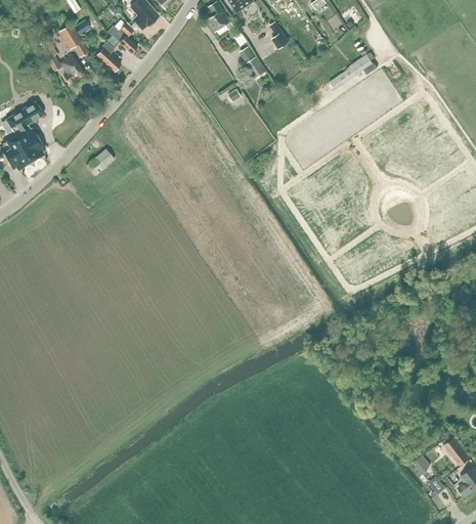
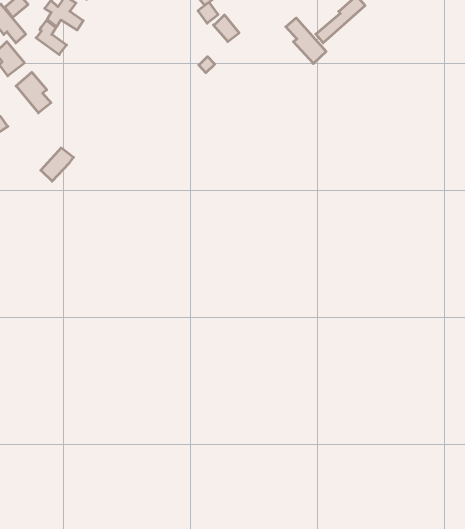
building: none -> [286,18,326,64]
building: none -> [16,72,51,113]

